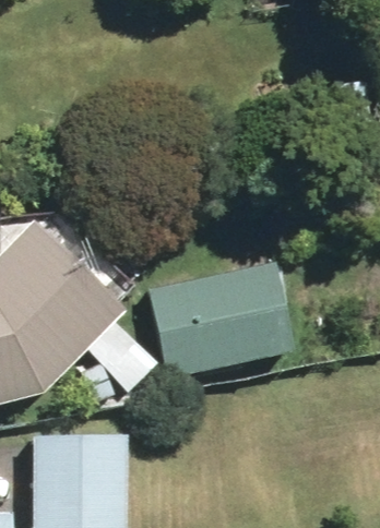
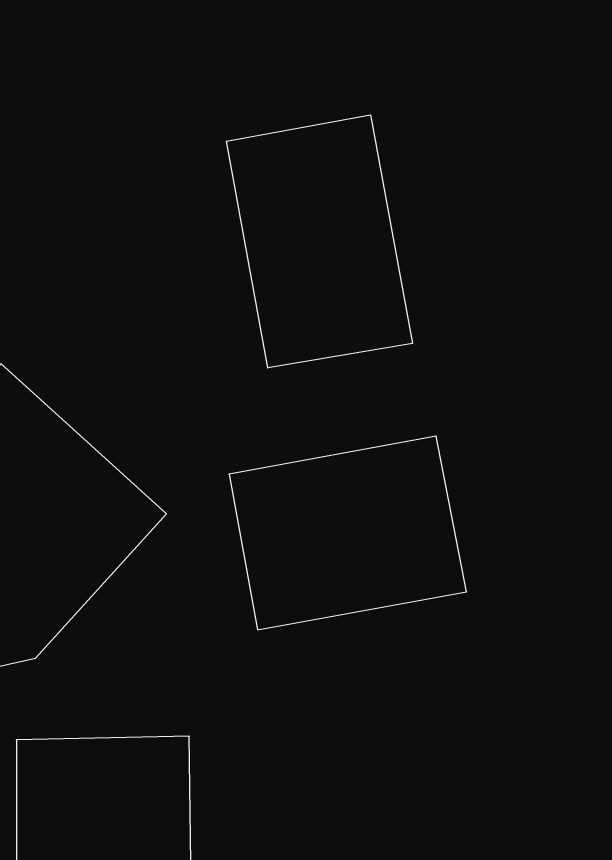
building: none -> [226,115,412,368]

